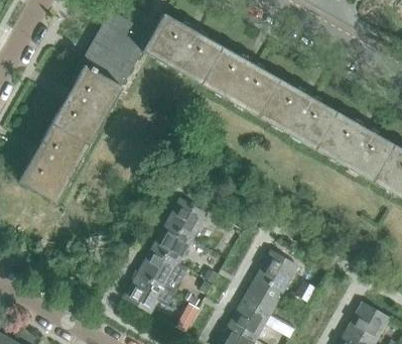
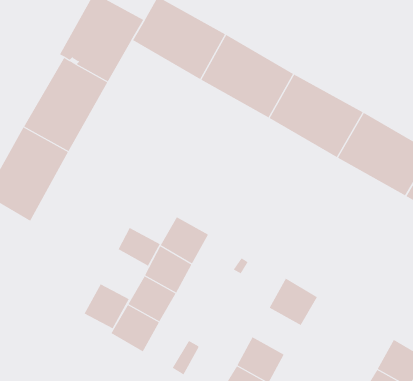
building: none -> [118,227,161,266]
building: none -> [84,283,130,329]
building: [242,274,283,314] -> none

